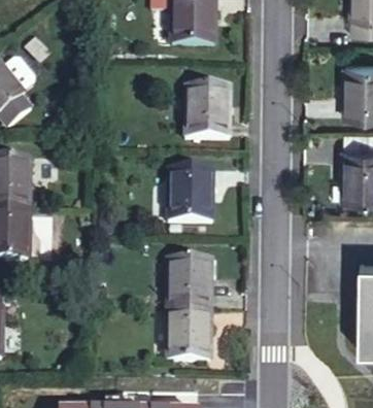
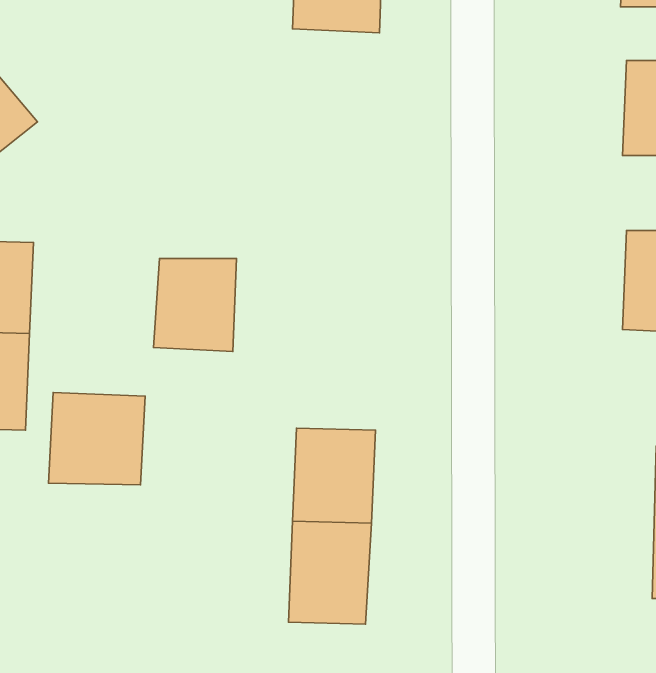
building: [184,89,227,138] -> none
building: [169,171,212,219] -> [154,259,237,352]
building: none -> [48,392,145,485]

